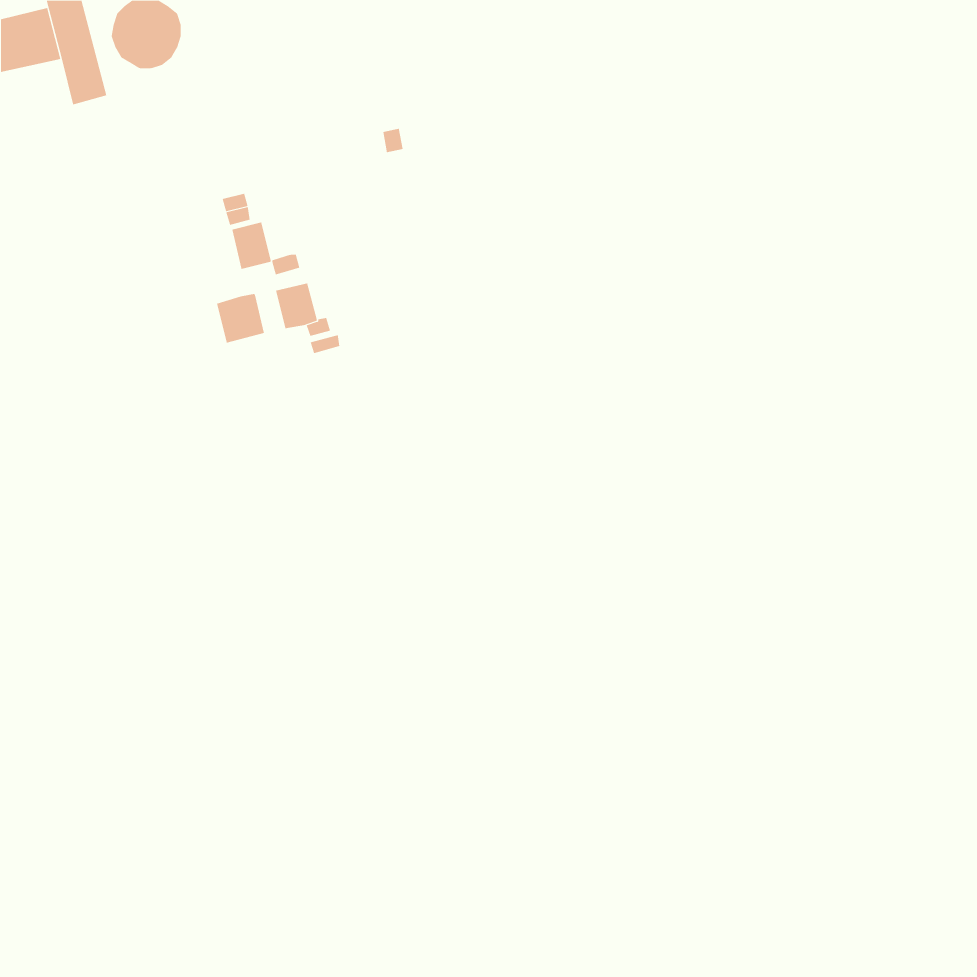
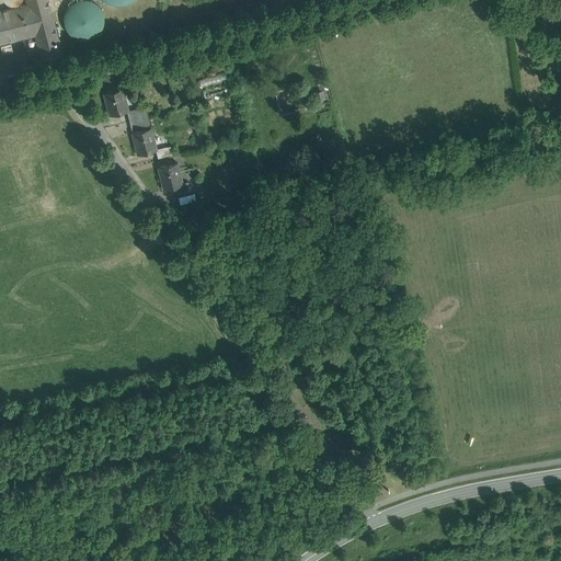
building: none -> [104,88,128,115]
building: [217,293,265,344] -> none

